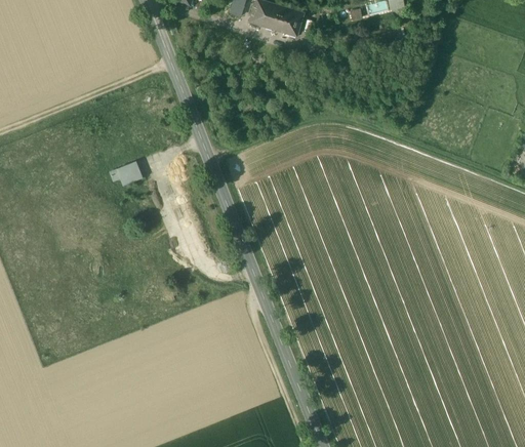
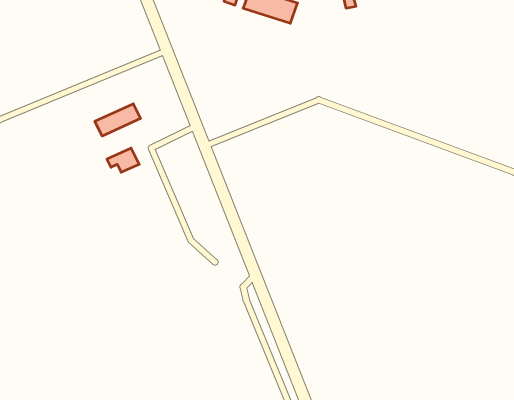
building: none -> [95,104,141,136]

